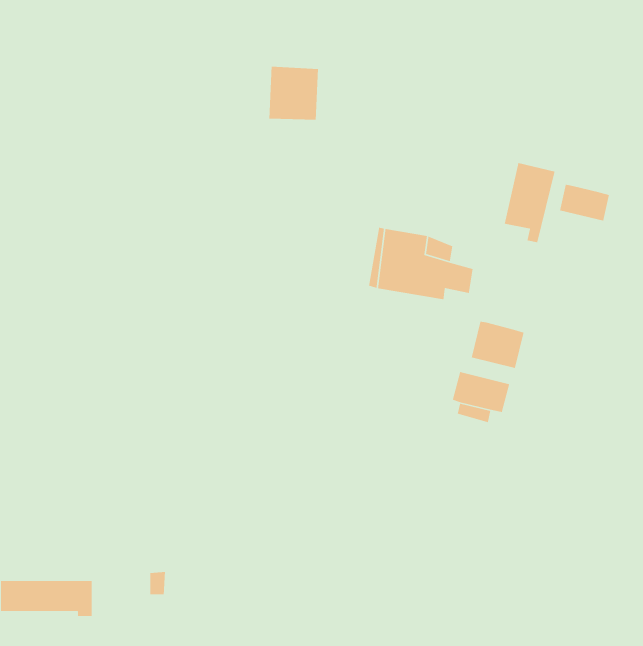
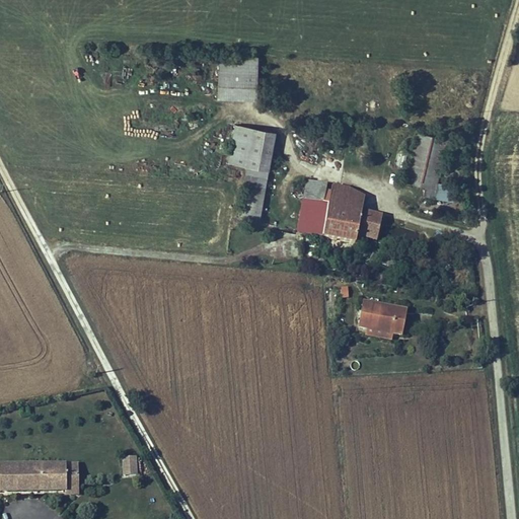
building: none -> [230,123,275,215]
building: [559,184,610,221] -> none
building: [471,321,524,369] -> none

